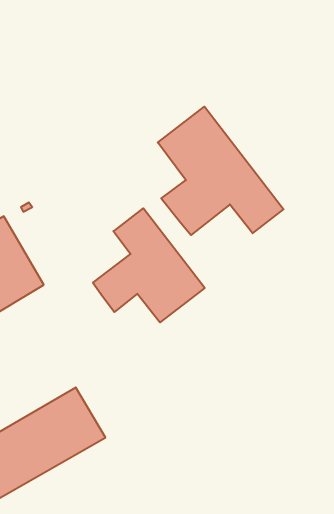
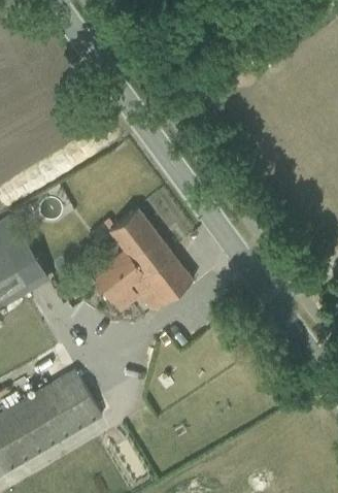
building: [158,107,284,235] -> none

